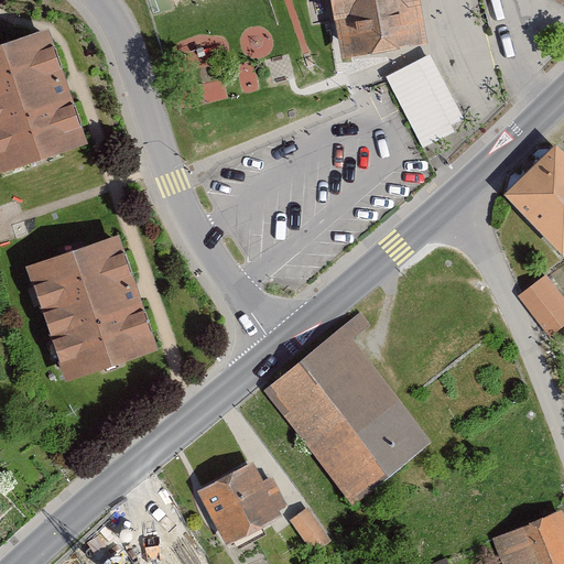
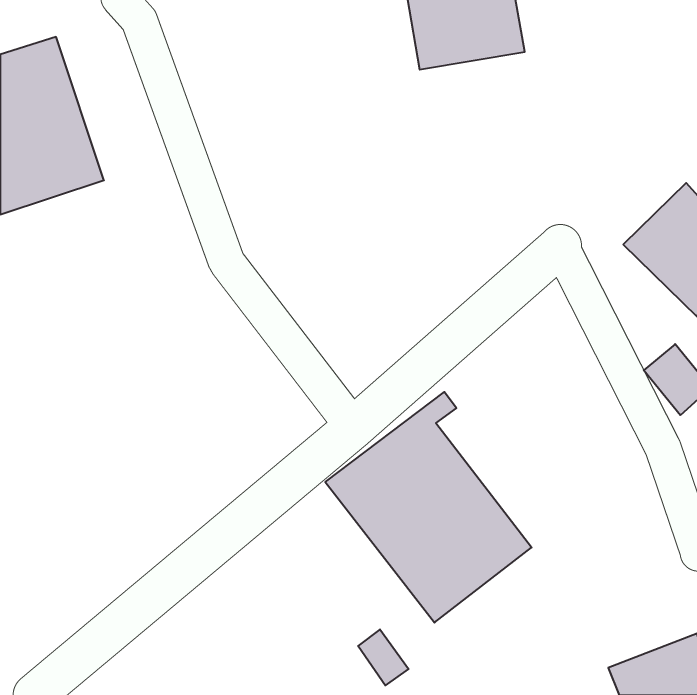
building: [389,54,463,144] -> none
building: [26,237,154,380] -> none
building: [196,462,285,545] -> none

